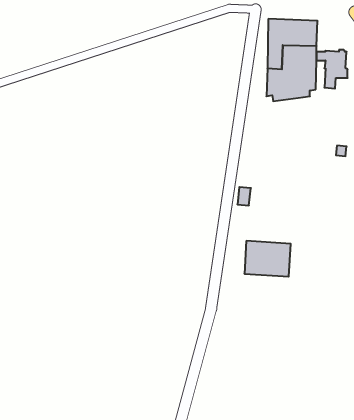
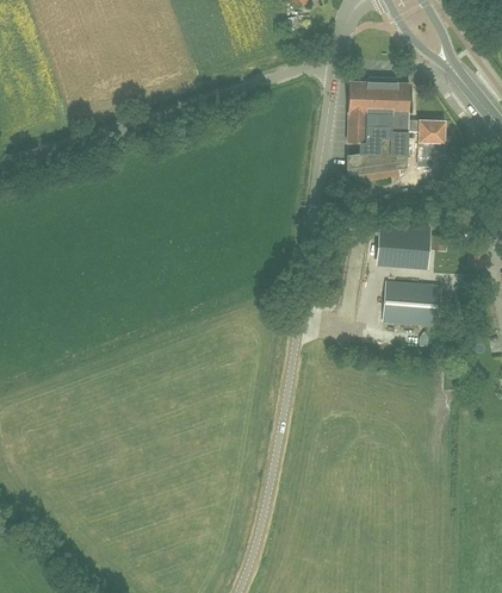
building: none -> [377,226,429,260]
building: [244,241,291,277] -> [383,281,440,325]

